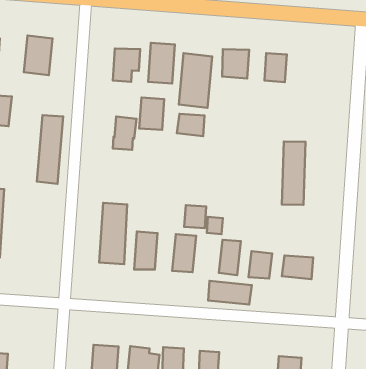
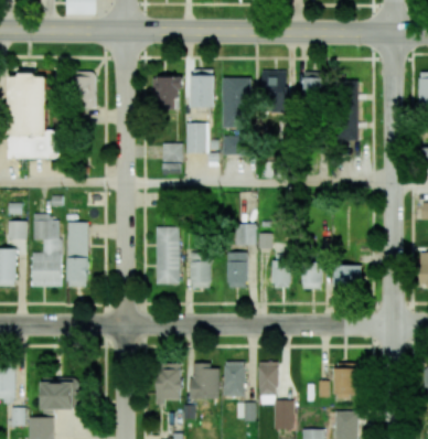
building: [37,115,63,184] -> [66,223,87,288]
building: [282,141,306,205] -> [335,81,359,142]
building: [208,281,252,304] -> none

